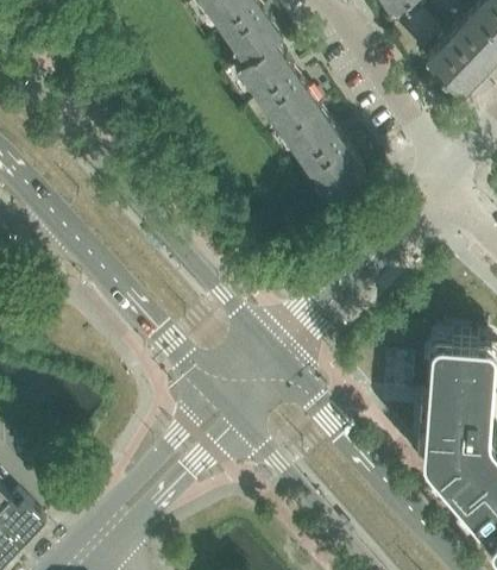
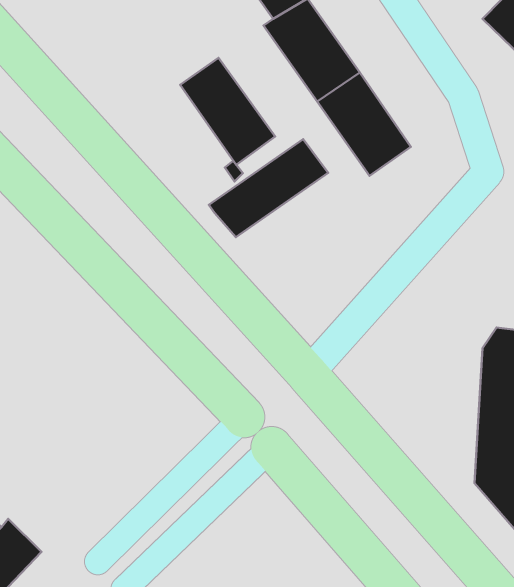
building: none -> [180,58,275,165]
building: none -> [209,139,328,237]

